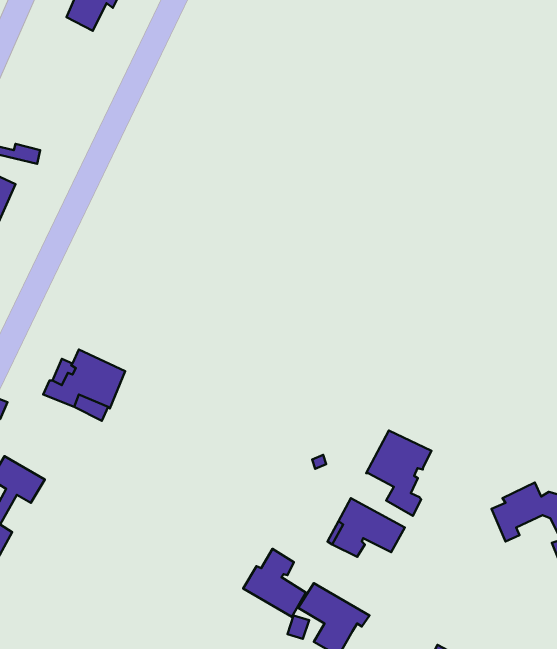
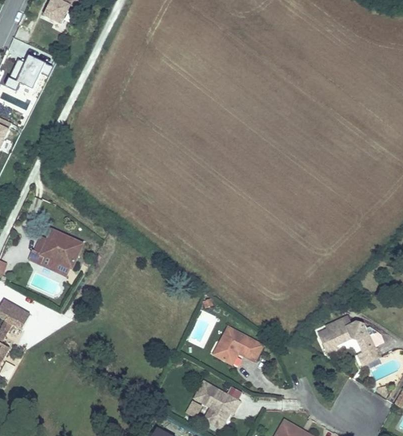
building: none -> [6,56,45,96]
building: [366,431,432,516] -> none
building: [243,549,306,617] -> none

